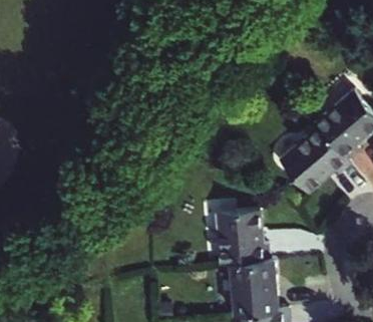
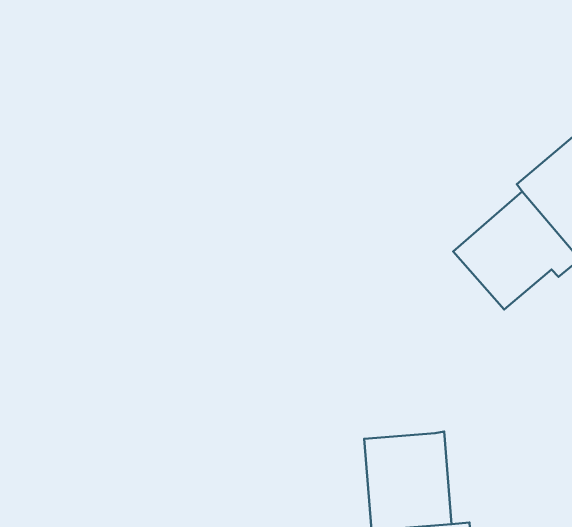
building: [217,212,270,266] -> none

